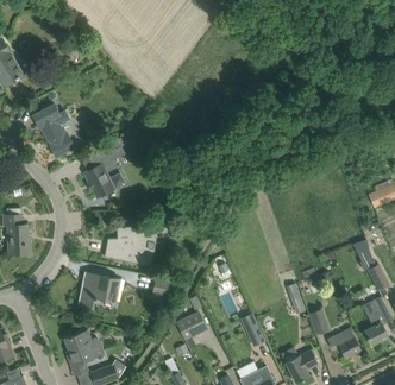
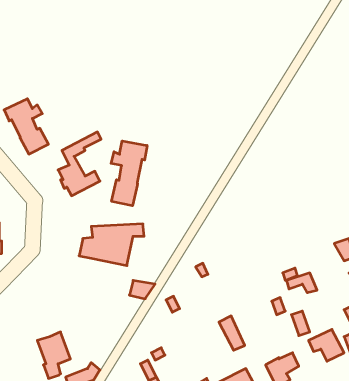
building: none -> [111,141,147,206]
building: [79,271,120,307] -> none
building: [176,311,208,340] -> none

